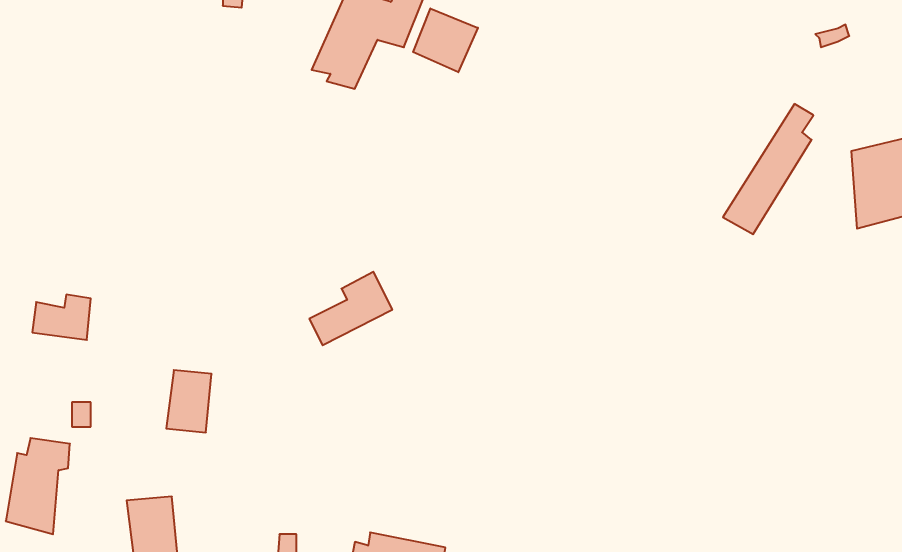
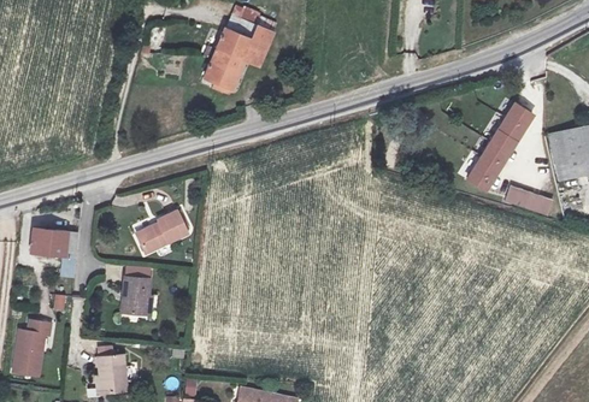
building: [413,8,478,72] -> none
building: none -> [503,187,553,215]
building: [309,272,392,345] -> [125,206,178,253]

